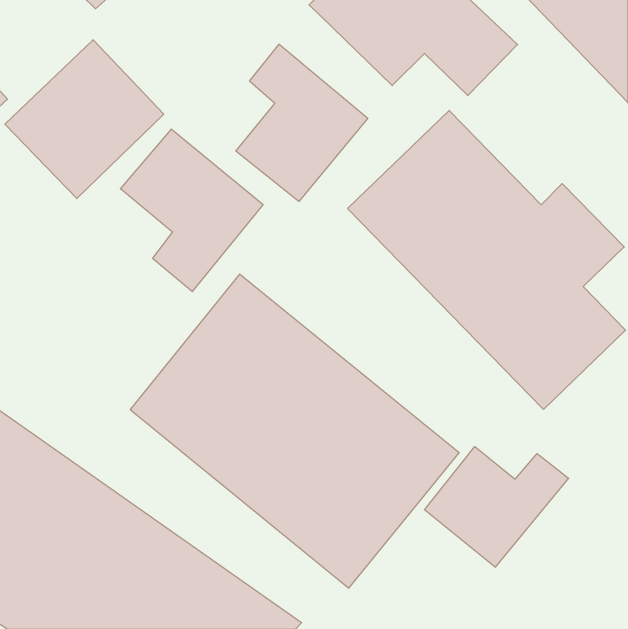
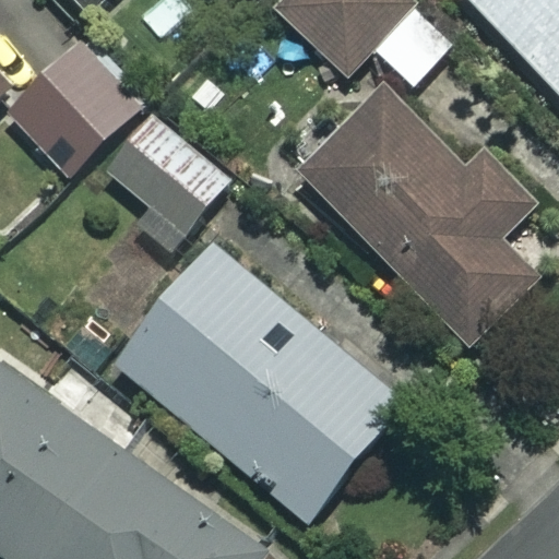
building: [236,44,368,201] -> none
building: [425,447,569,567] -> none

